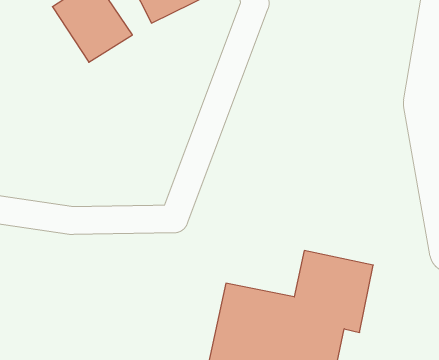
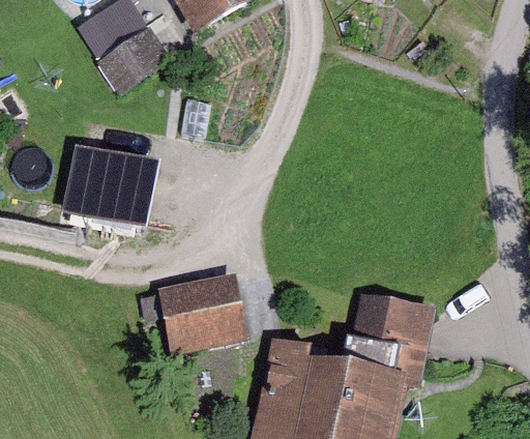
building: none -> [63,138,145,220]
building: none -> [160,275,246,352]

